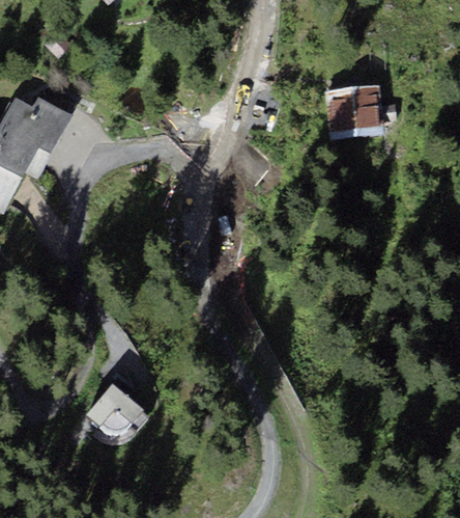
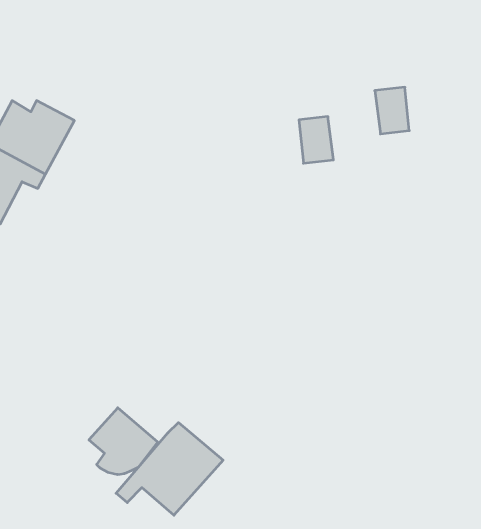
building: [323,87,355,131] -> [299,117,333,163]
building: none -> [116,423,223,515]

